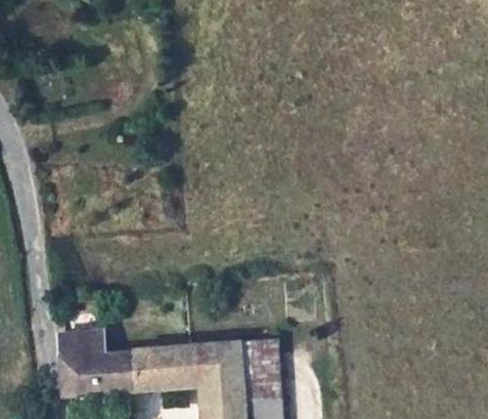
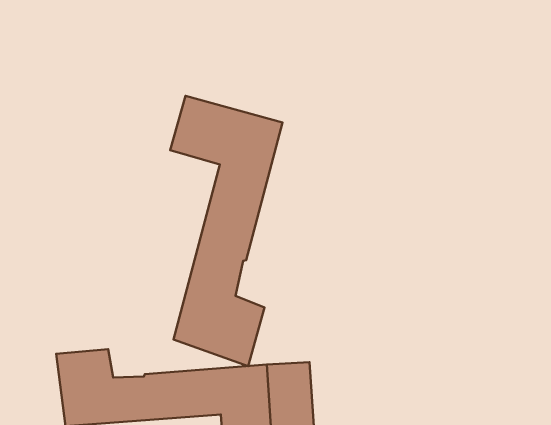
building: none -> [170,96,283,366]

